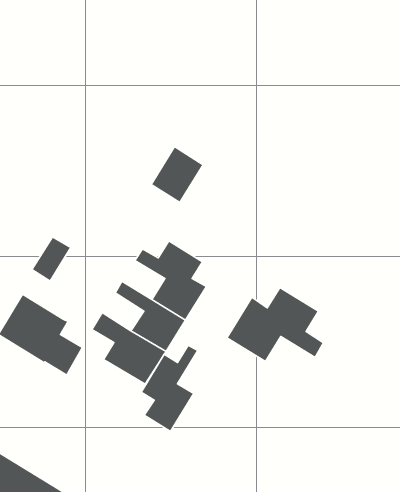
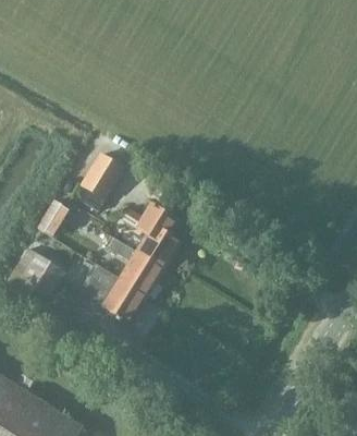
building: [151,147,203,203] -> [79,154,123,201]
building: [227,287,323,362] -> none
building: [141,345,198,431] -> none

